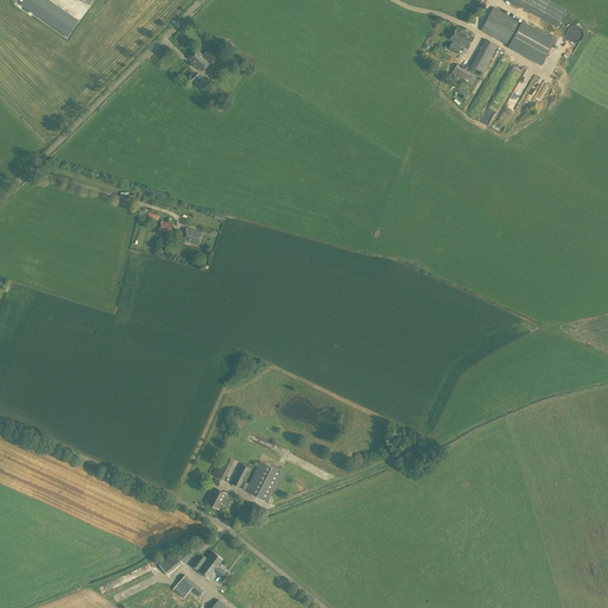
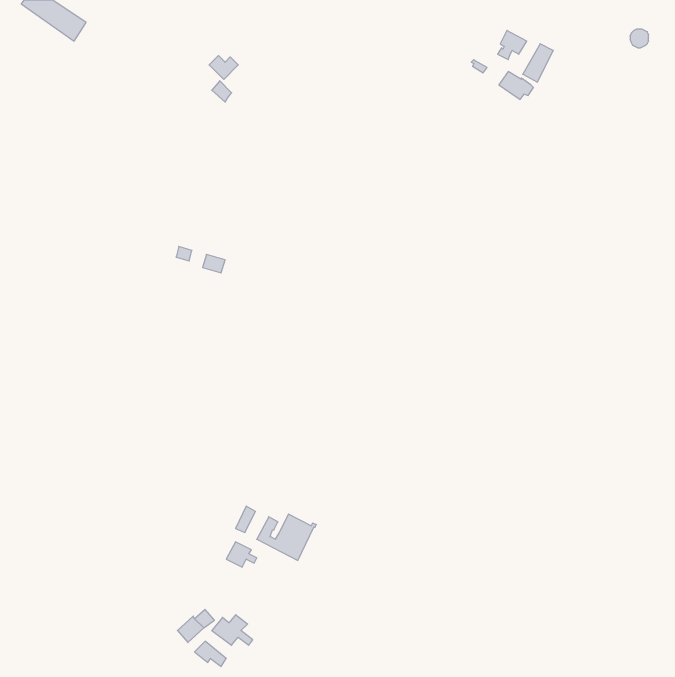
building: [480,7,553,64] -> none

